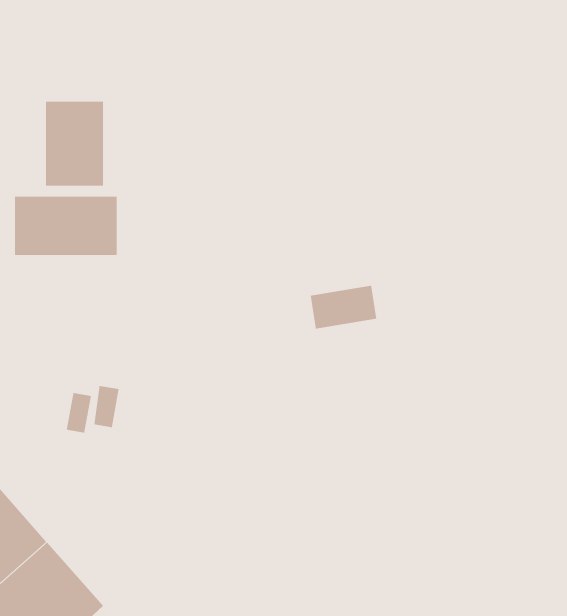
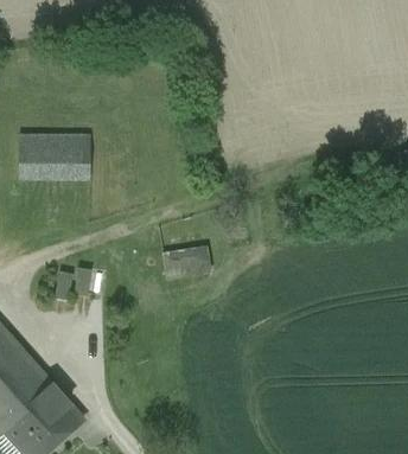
building: [45,101,104,186] -> none
building: [310,285,377,330] -> [164,245,210,276]

